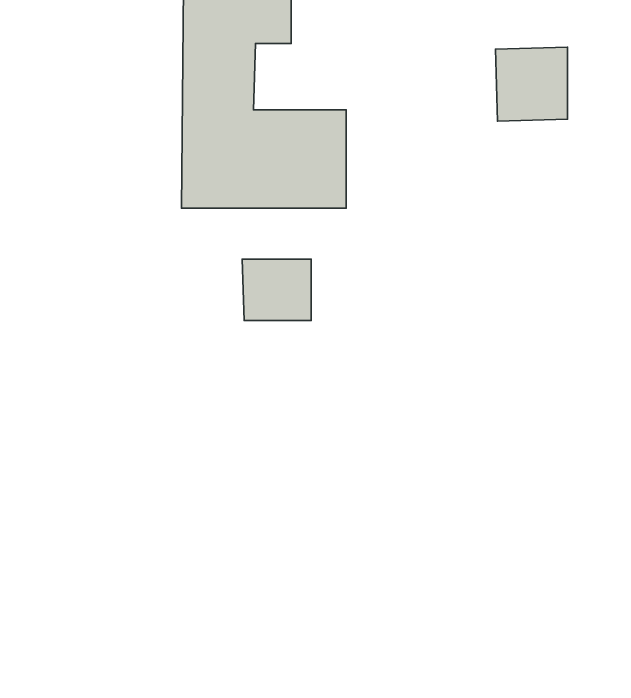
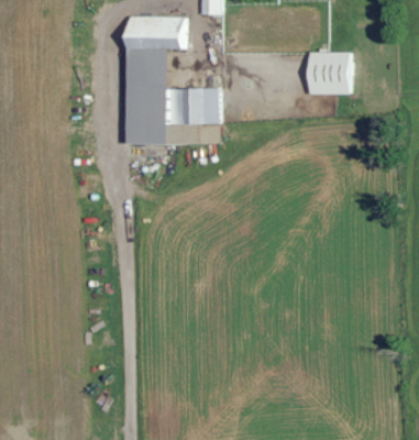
building: [242,259,311,320] -> none

